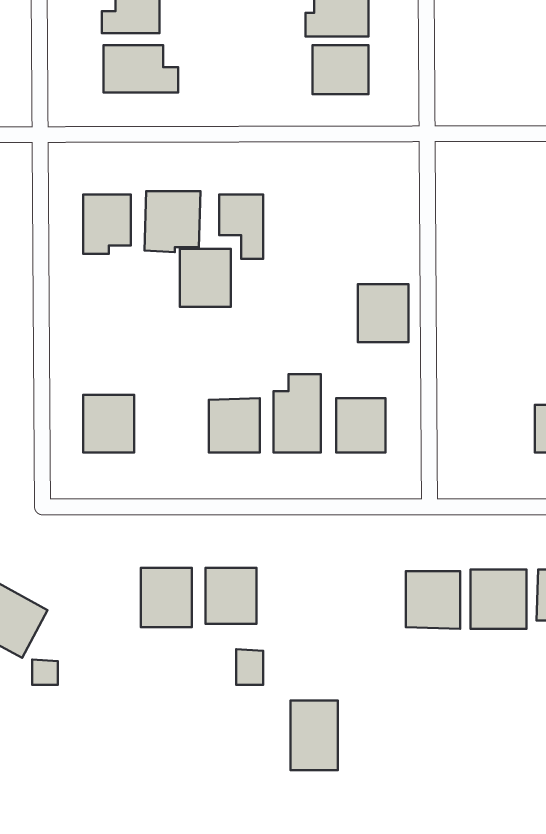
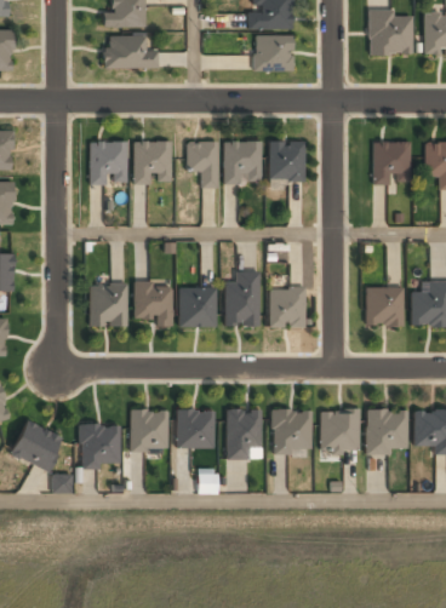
building: none -> [368,12,411,53]
building: none -> [373,142,412,182]
building: [180,249,231,307] -> [225,142,262,183]
building: [358,284,409,342] -> [269,140,305,182]
building: none -> [133,283,172,326]
building: none -> [365,287,404,326]
building: none -> [273,408,310,452]
building: none -> [81,424,120,466]
building: [290,701,338,770] -> [227,408,261,458]

